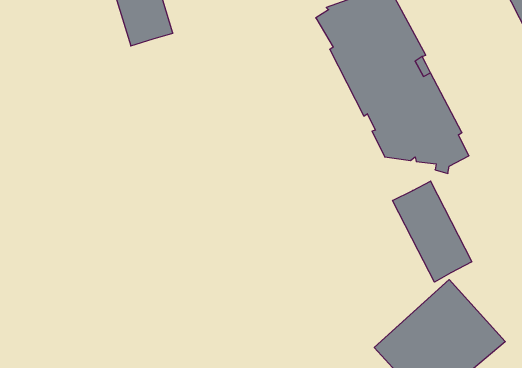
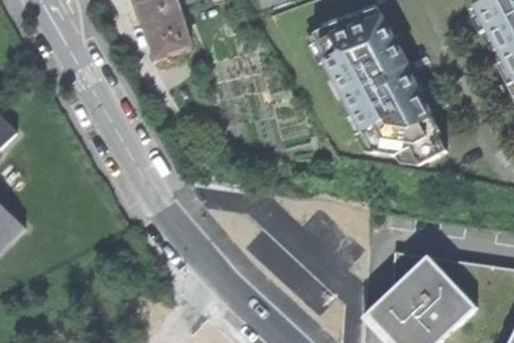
building: [393,181,472,282] -> none

